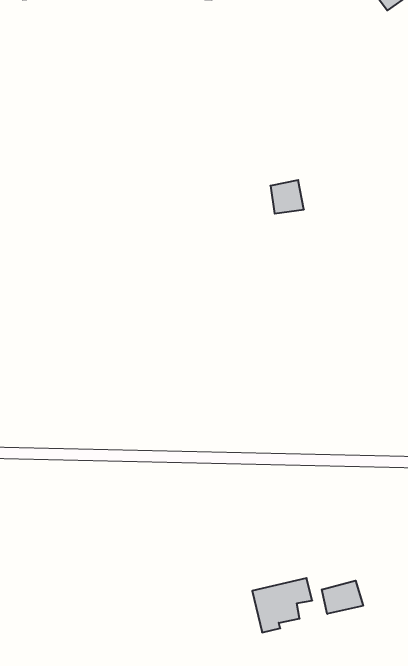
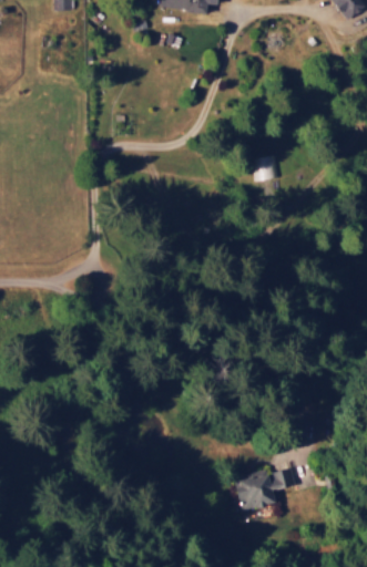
building: [322,581,363,614] -> none

